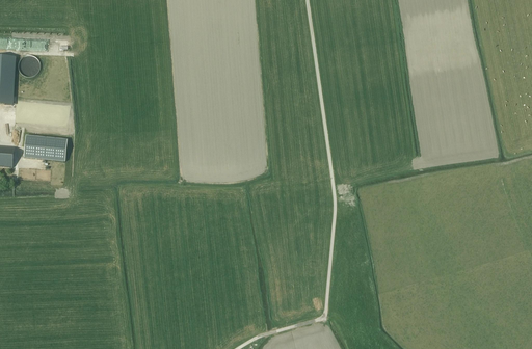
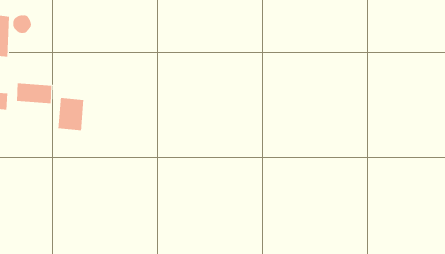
building: none -> [58,97,84,131]

